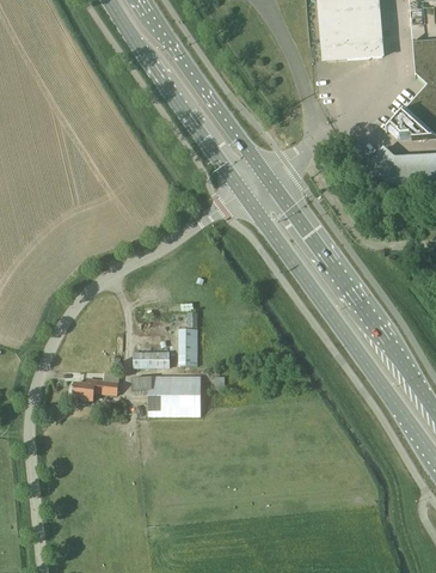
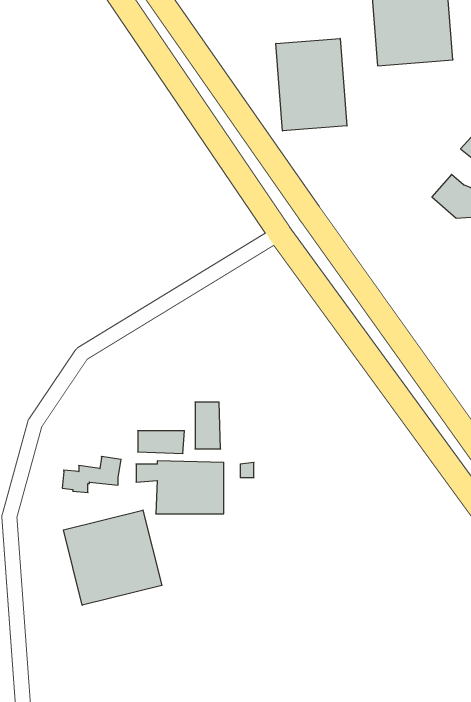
building: none -> [276,38,347,131]
building: none -> [63,510,162,605]

